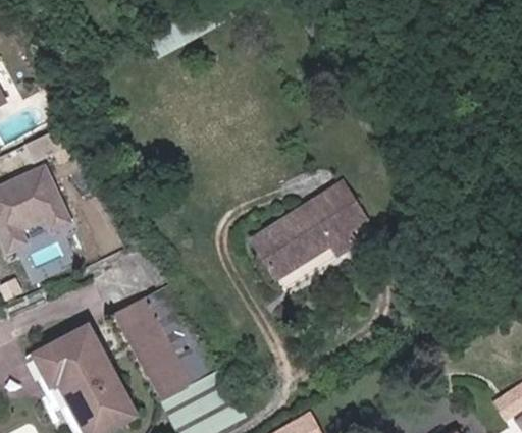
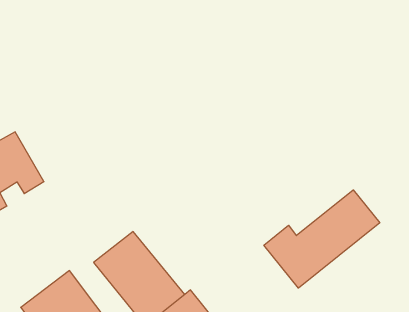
building: [245,181,368,282] -> none
building: none -> [264,190,380,288]

